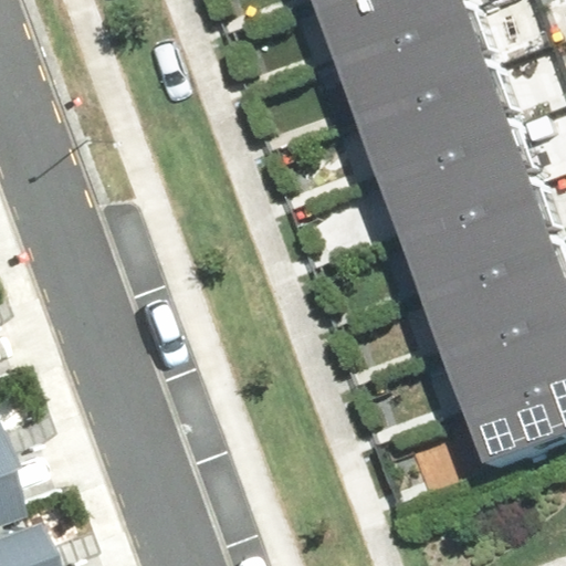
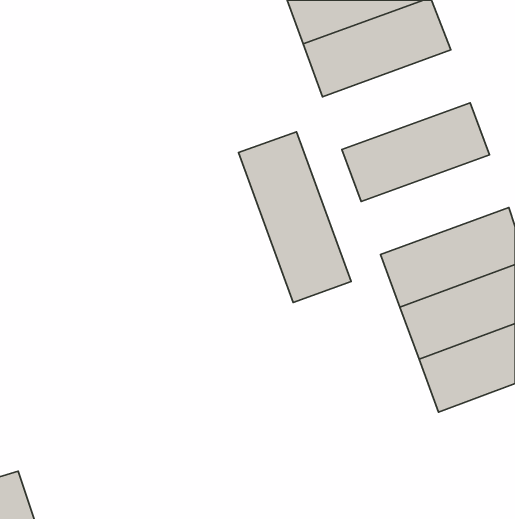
building: [350,55,511,164] -> none
building: none -> [239,132,351,302]
building: [392,169,553,277] -> none

